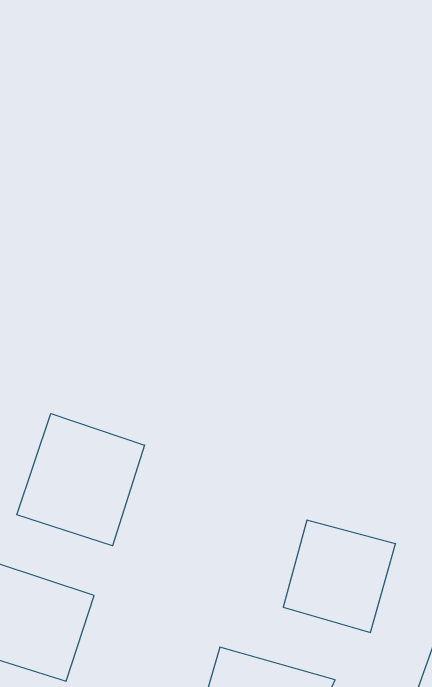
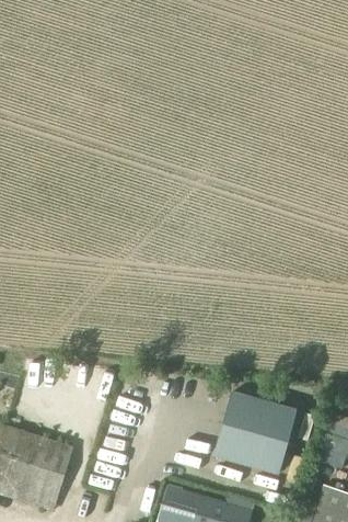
building: [17,414,145,546] -> none

